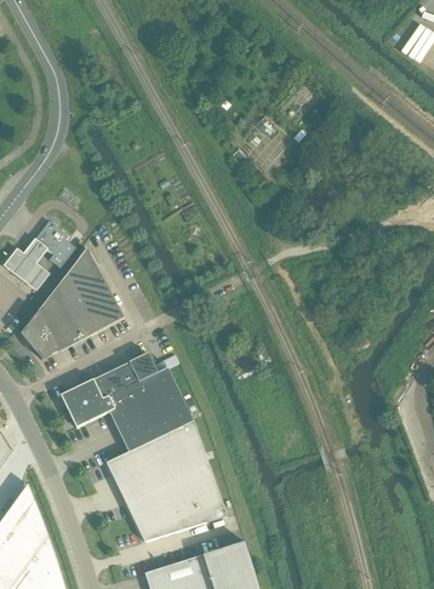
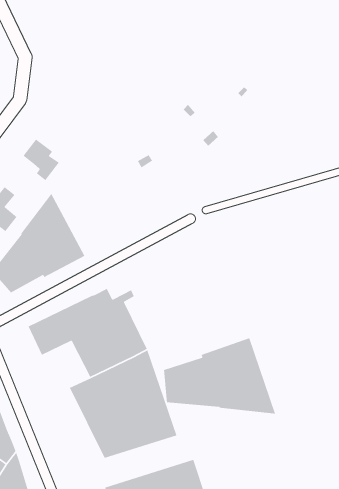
building: [35,221,76,268] -> [23,138,60,181]
building: none -> [163,337,276,415]

